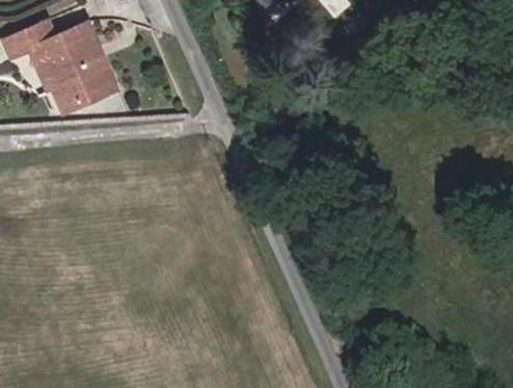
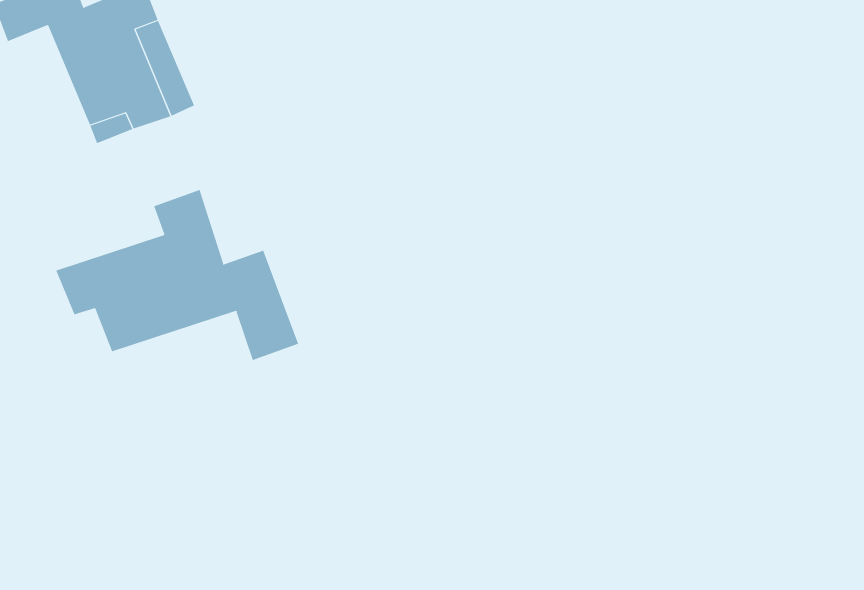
building: none -> [56,189,299,361]

